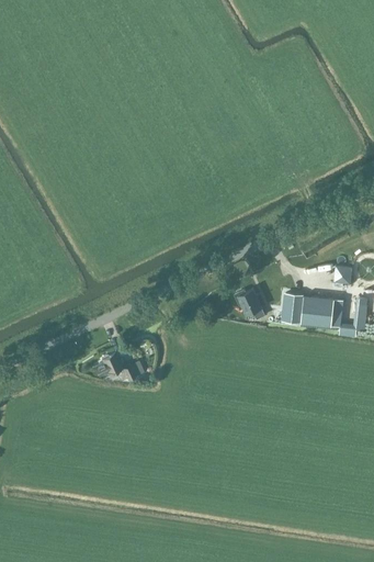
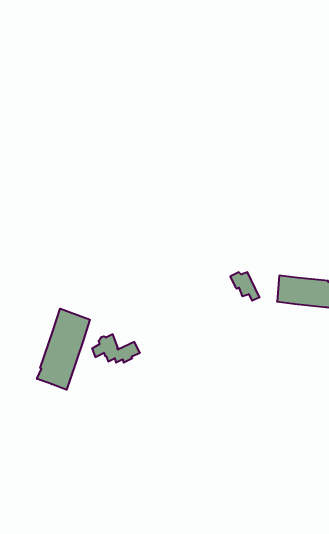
building: none -> [37,309,90,390]

